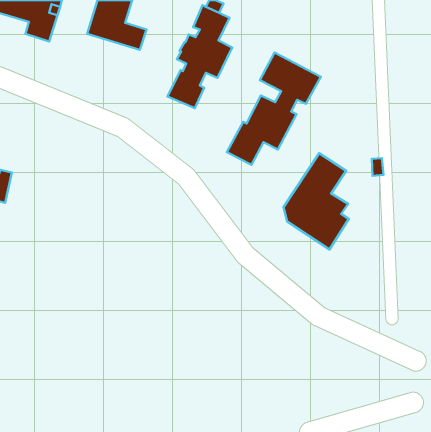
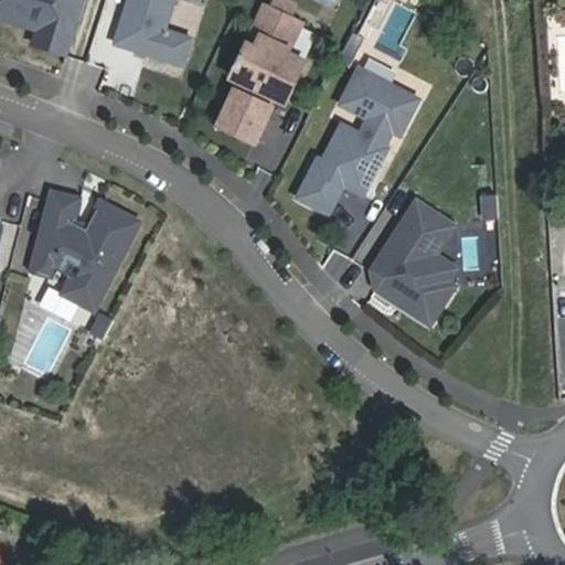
building: none -> [30,193,138,310]

